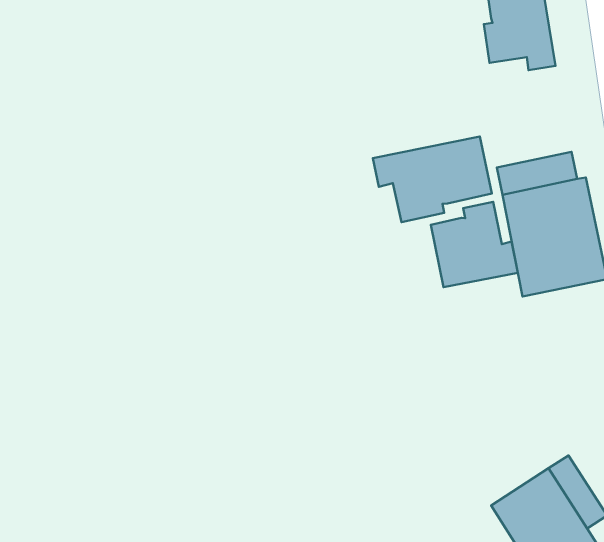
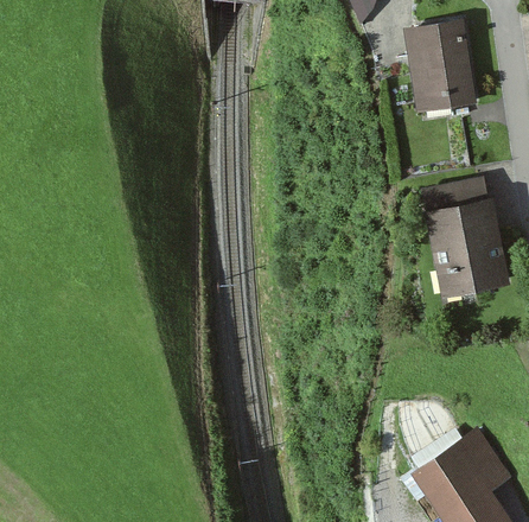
building: [373,136,492,222] -> none
building: [431,202,518,287] -> none

